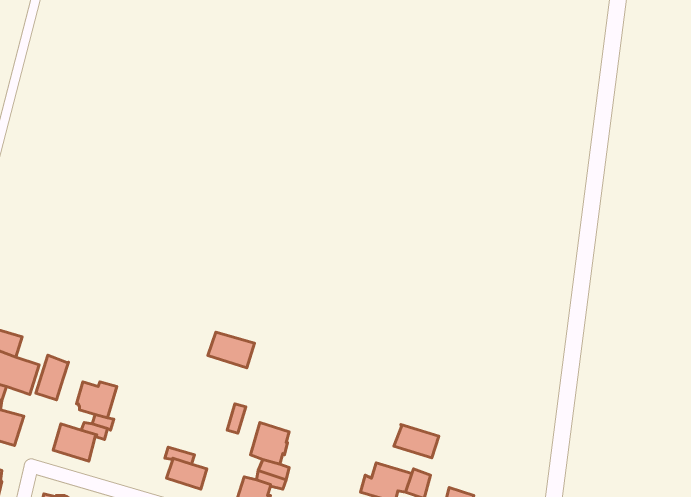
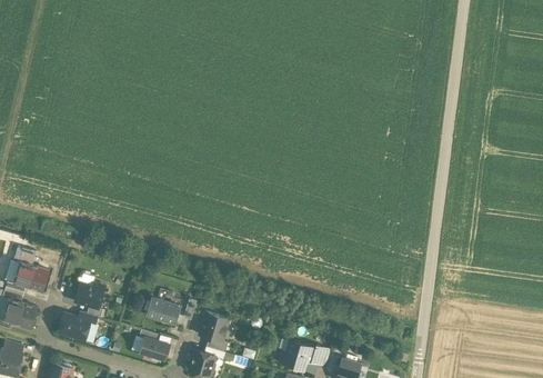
building: [208,332,255,368] -> [147,299,180,325]
building: [36,355,68,400] -> none
building: [394,424,439,458] -> none

